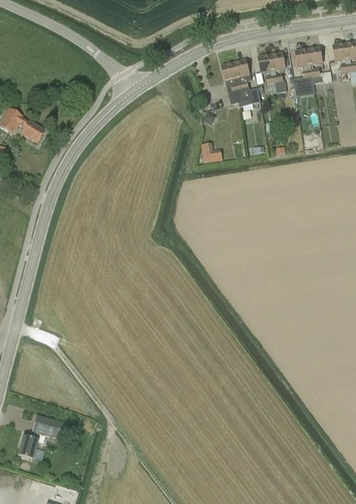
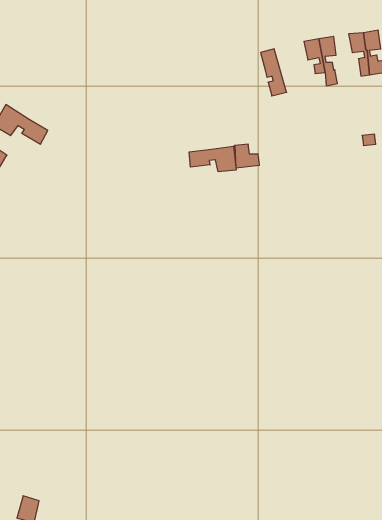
building: [233,60,260,102] -> none
building: none -> [189,146,236,172]
building: [31,415,60,439] -> none

